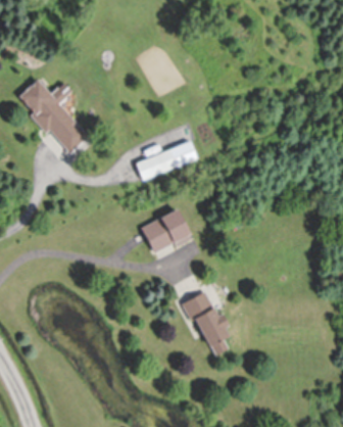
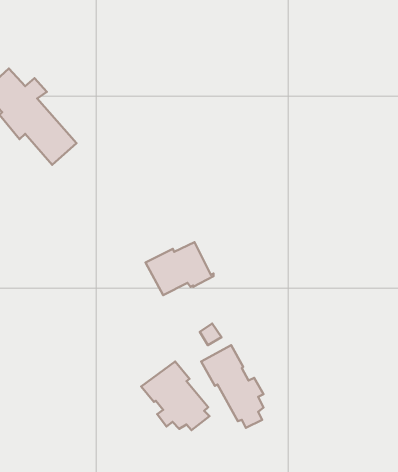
building: [136,141,197,181] -> none
building: none -> [141,361,209,430]

